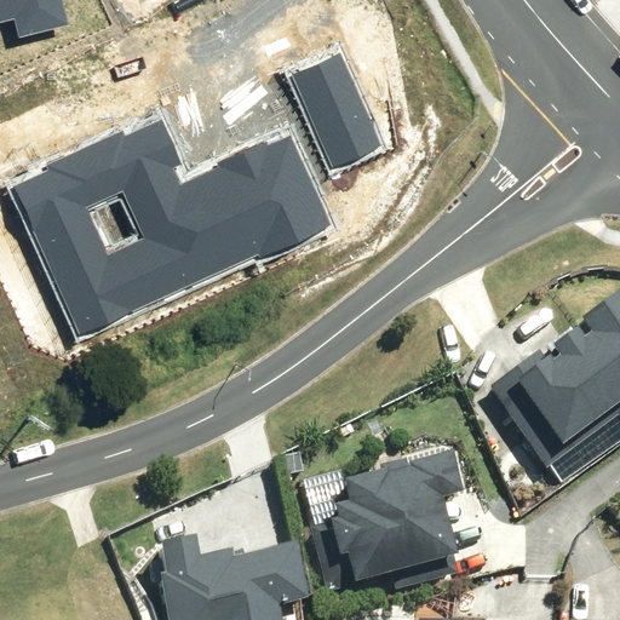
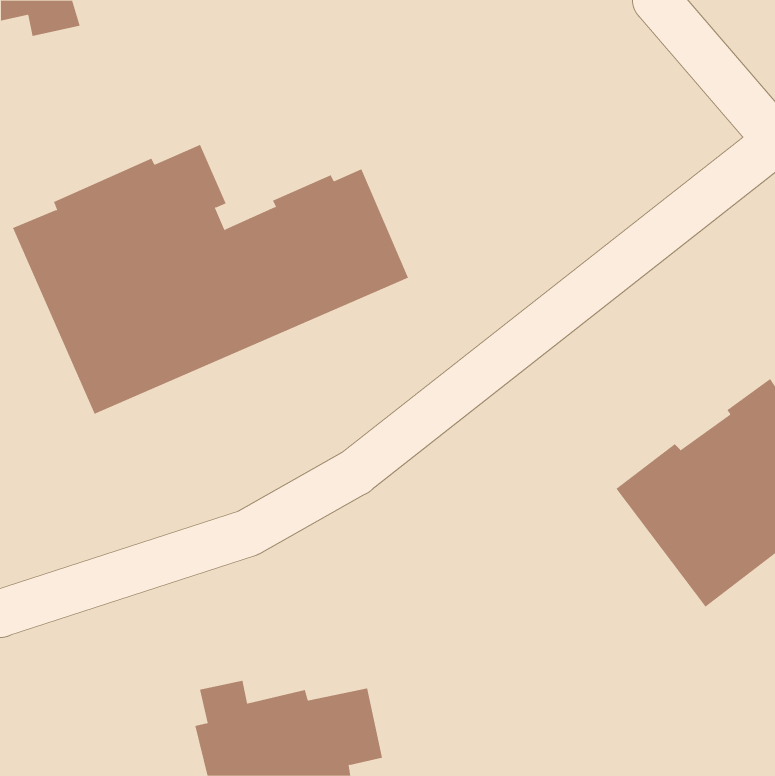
building: [292,51,381,166] -> none
building: [327,454,464,586] -> none

